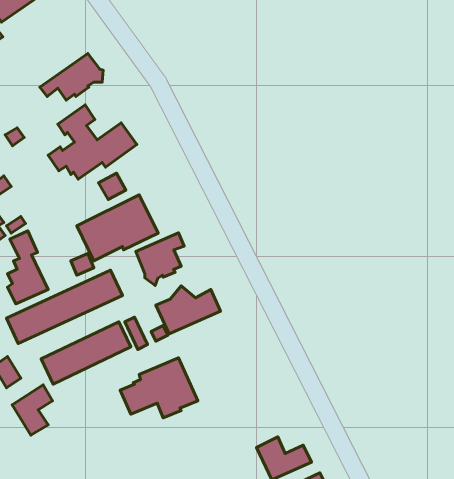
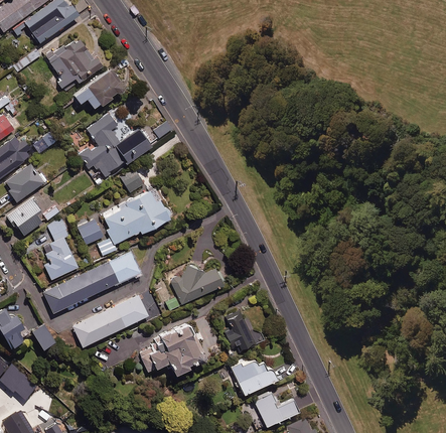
building: none -> [47,37,103,87]
building: none -> [79,218,103,244]
building: [136,233,184,286] -> none
building: none -> [224,310,255,351]
building: [12,385,53,435] -> none
building: none -> [232,356,278,395]

